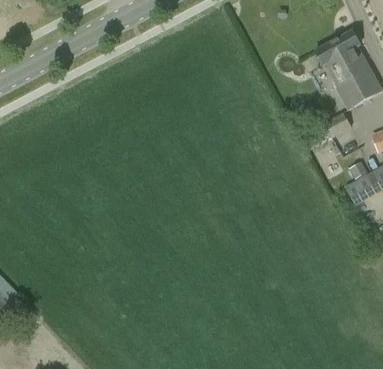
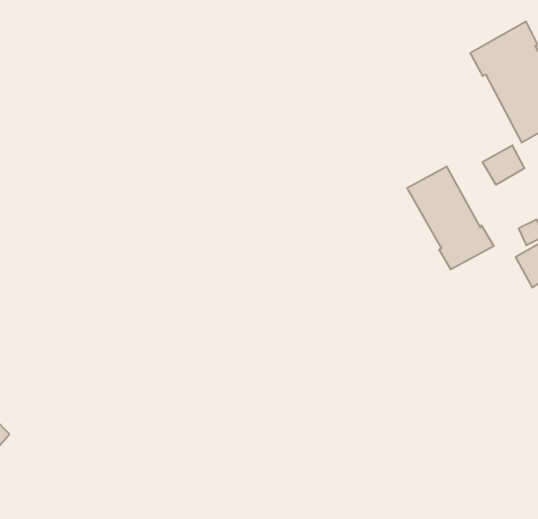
building: none -> [407,166,494,269]

